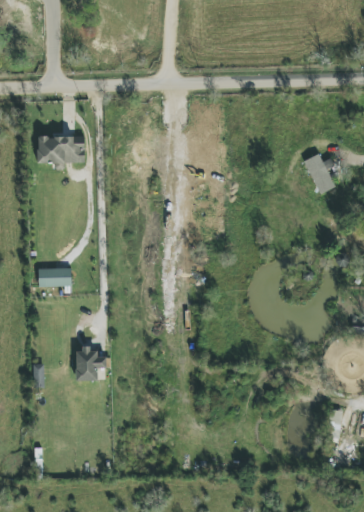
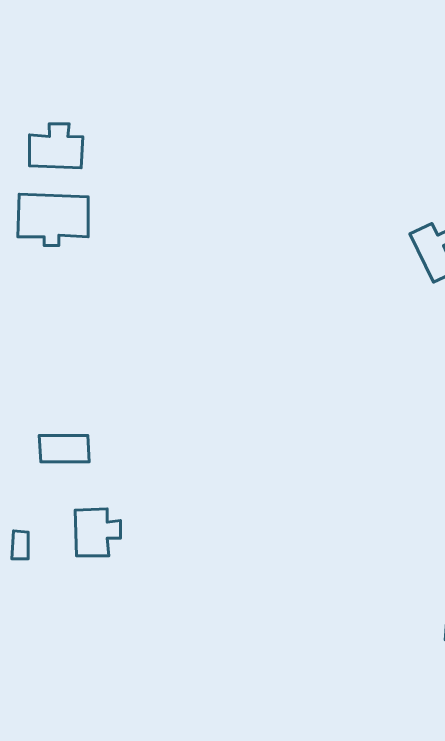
building: none -> [29,124,83,168]
building: [38,268,72,286] -> [39,436,89,462]

